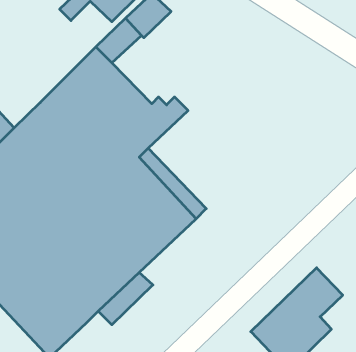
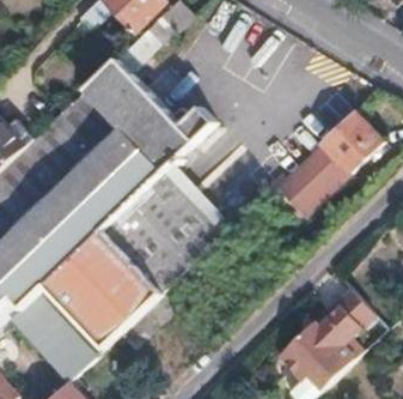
building: none -> [285,114,381,207]

